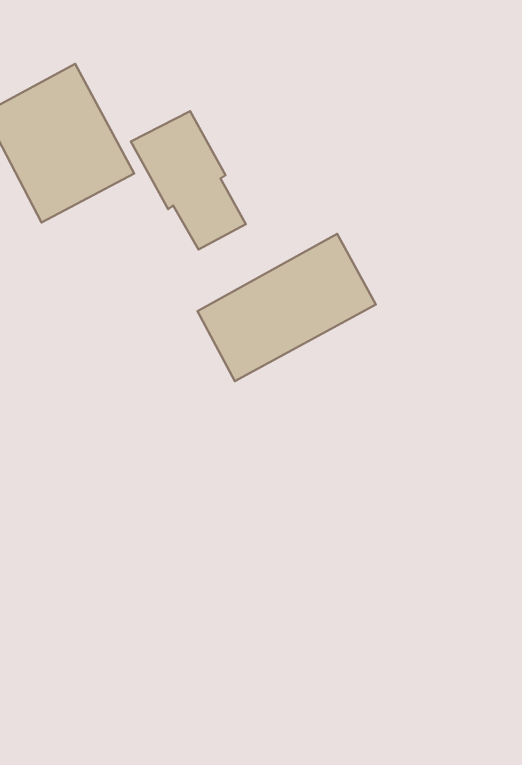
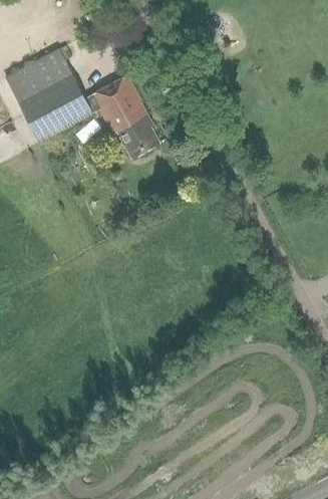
building: [197,234,376,381] -> none

